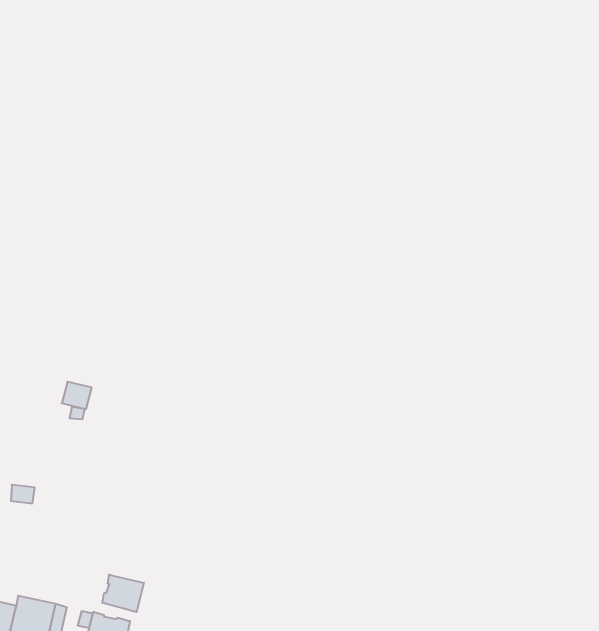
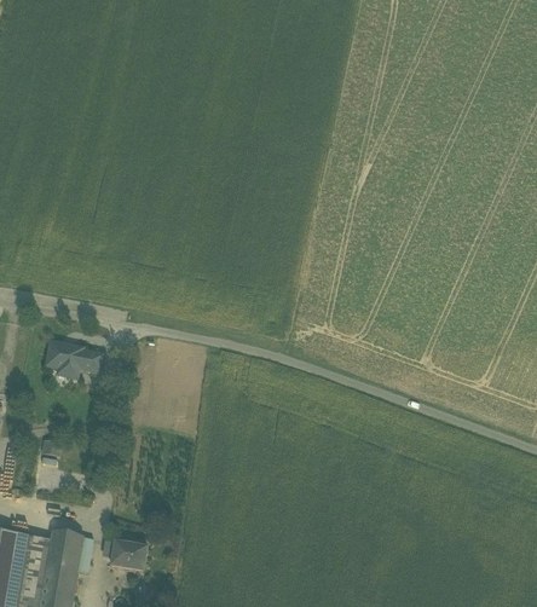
building: none -> [45,341,81,376]
building: [102,574,144,612] -> none

